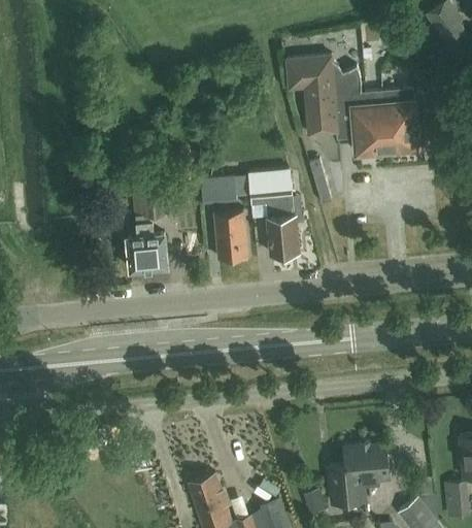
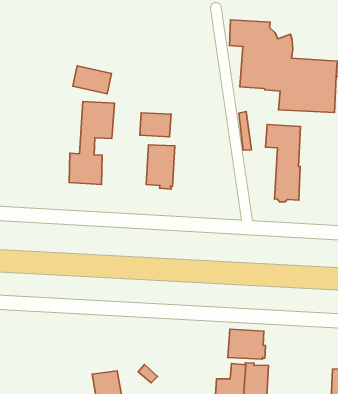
building: none -> [73,66,111,94]
building: [250,170,299,259] -> [266,124,301,202]
building: none -> [228,329,265,359]

